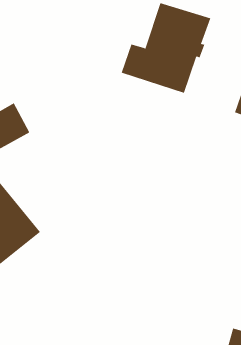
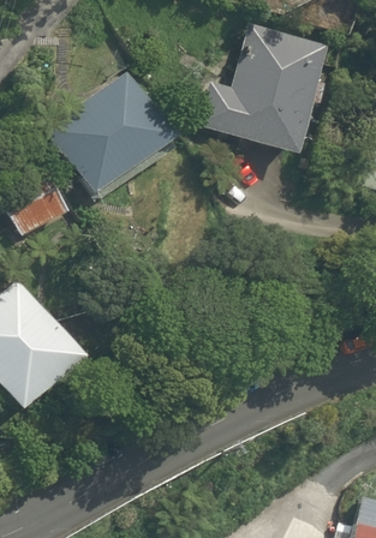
building: none -> [46,72,169,193]

